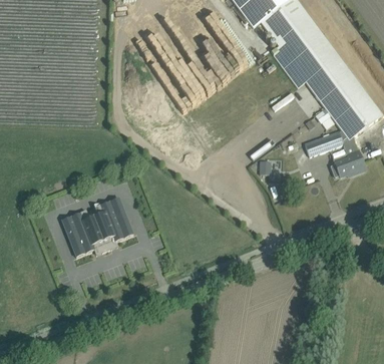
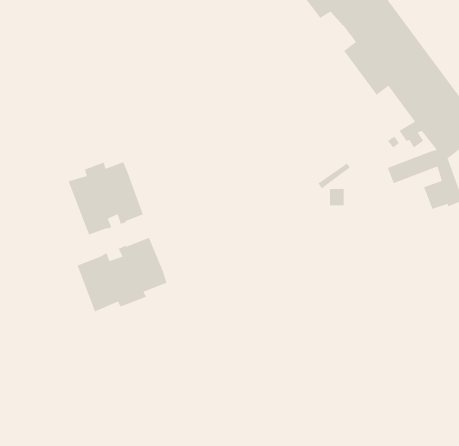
building: none -> [67,161,144,236]

